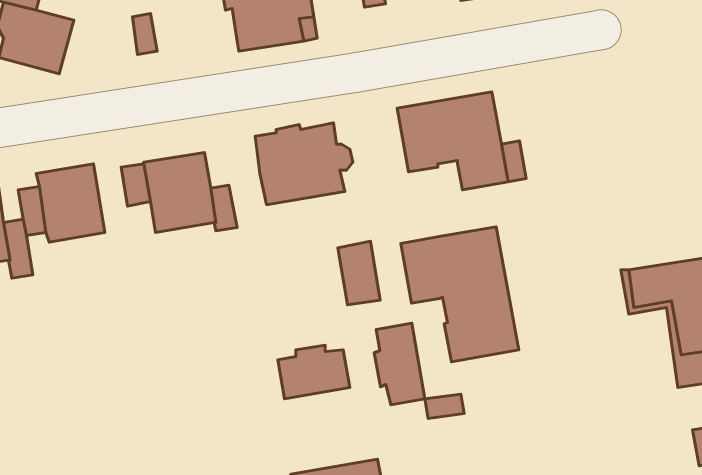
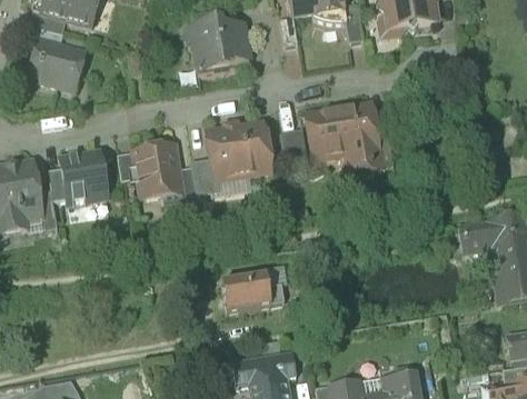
building: none -> [191,158,220,194]
building: [401,227,519,362] -> none
building: [338,241,380,305] -> [280,127,309,170]
building: [374,323,425,405] -> none

